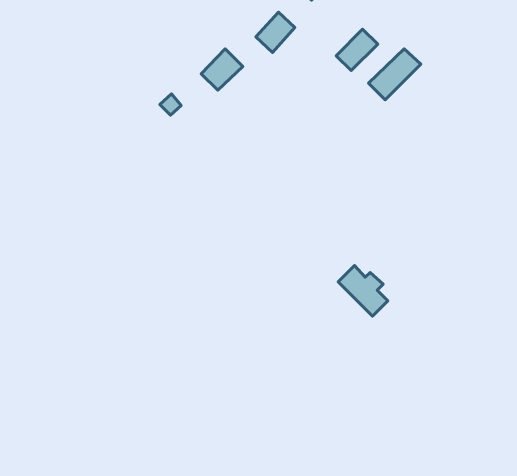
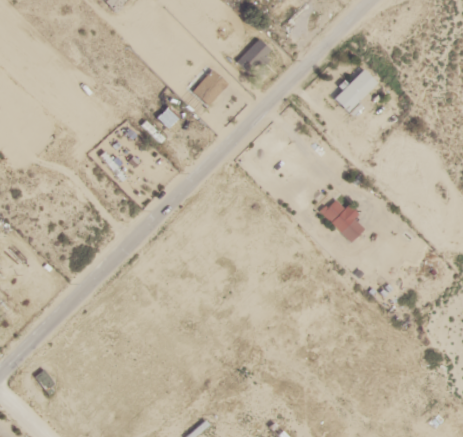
building: [336,29,378,70] -> none
building: [338,265,388,316] -> [322,199,364,242]

